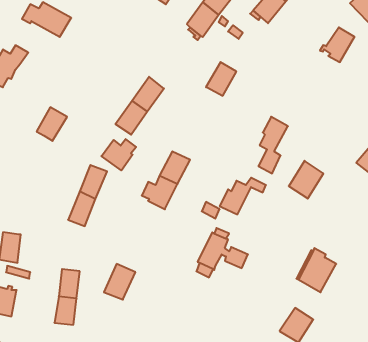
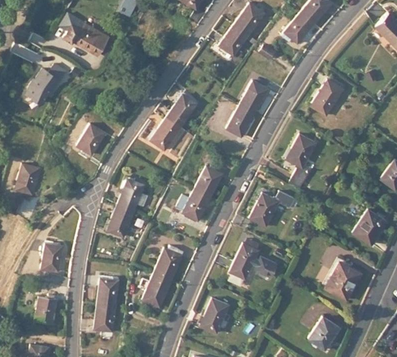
building: [320,27,355,62] -> [310,79,343,112]
building: none -> [225,105,254,137]
building: [101,139,136,170] -> none
building: [289,161,323,199] -> [353,208,386,244]
building: none -> [153,246,182,281]
building: none -> [206,298,234,333]

